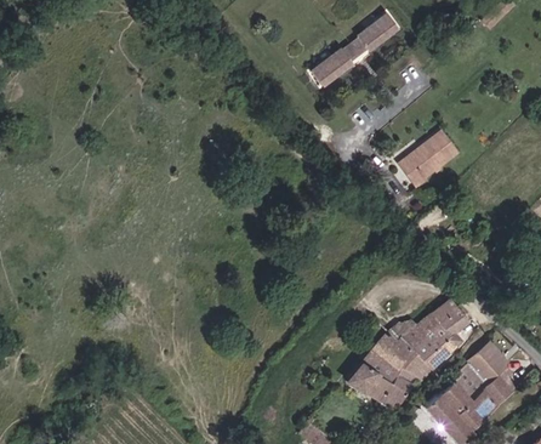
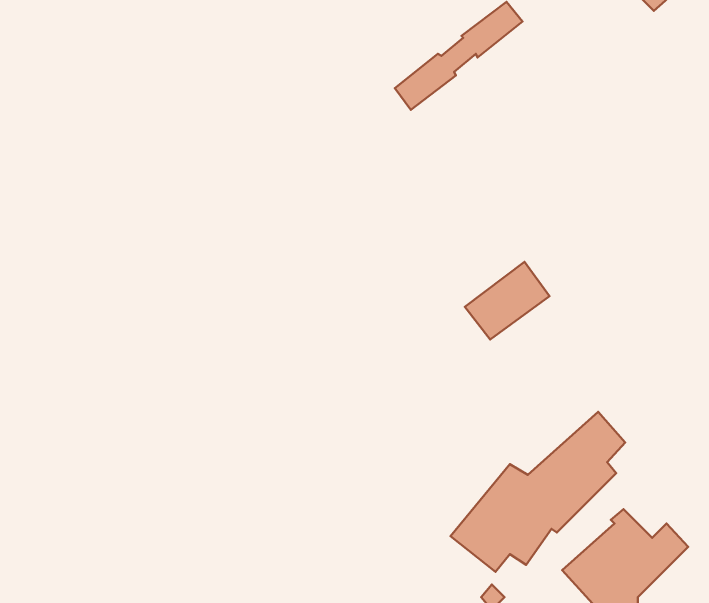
building: [398,130,455,182] -> [465,262,550,339]
building: [466,341,518,388] -> none

